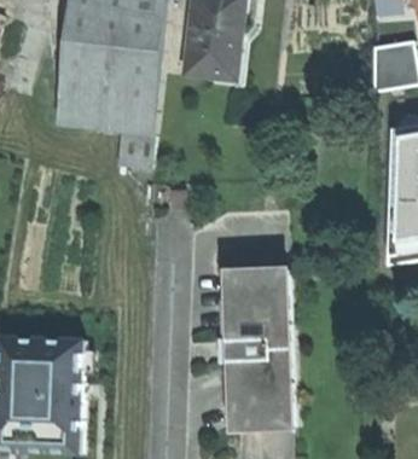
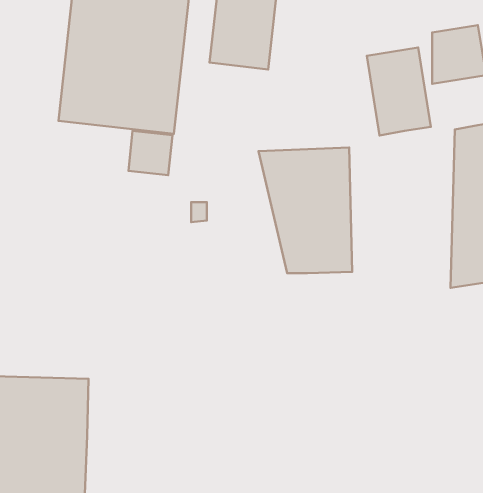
building: none -> [367,47,431,136]
building: none -> [259,148,352,273]
building: [222,267,292,431] -> none

